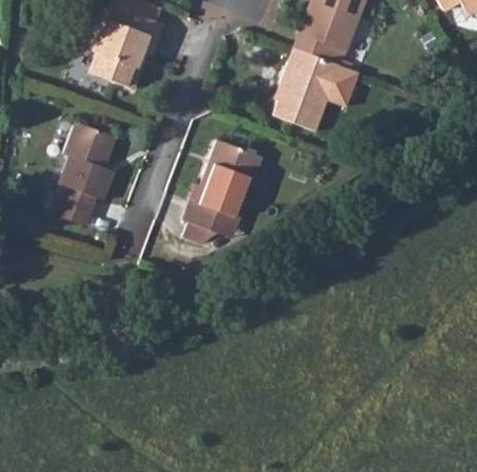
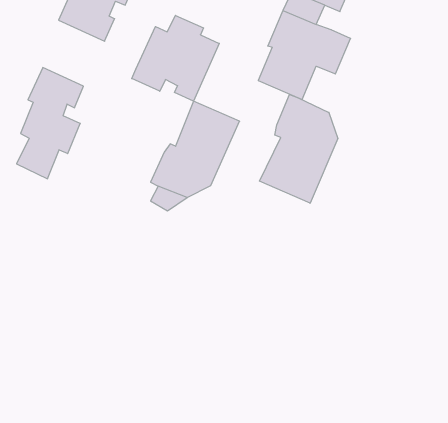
building: none -> [132,15,219,101]
building: none -> [260,94,338,203]

